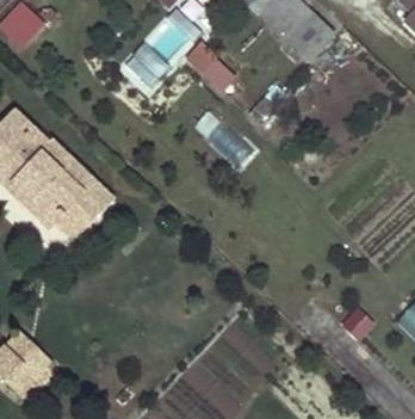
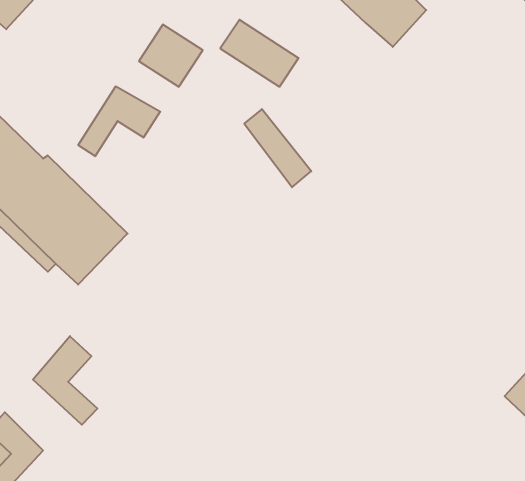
building: none -> [78,86,160,156]
building: none -> [33,336,97,425]

